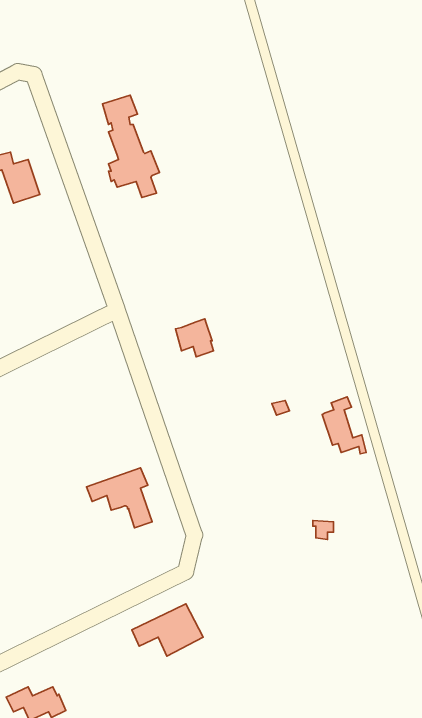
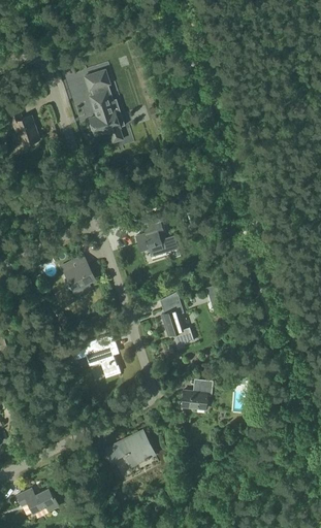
building: none -> [61,262,94,292]
building: [322,397,366,454] -> [162,302,193,342]
building: none -> [182,380,213,409]

